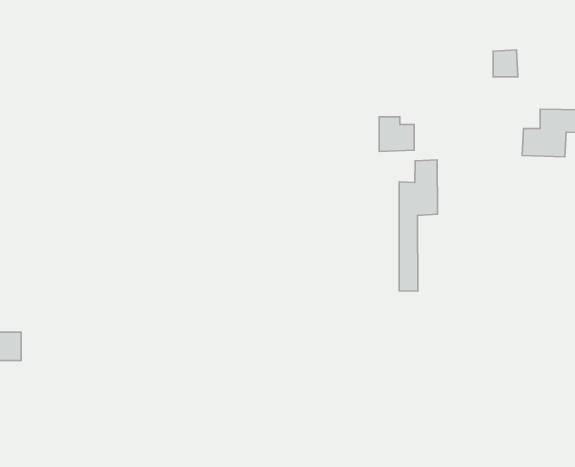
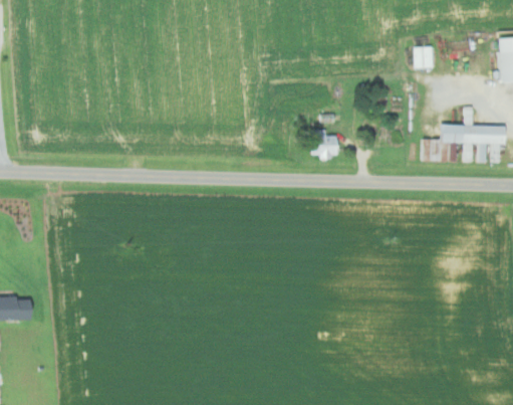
building: [493,50,518,77] -> [417,47,436,68]
building: [399,160,438,291] -> none

